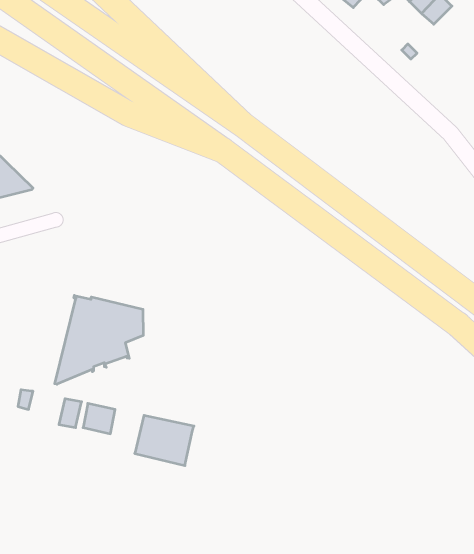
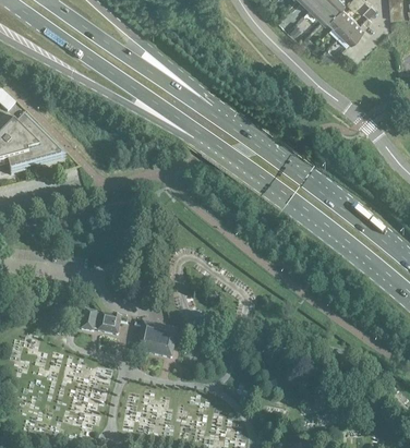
building: [55,295,143,384] -> none

